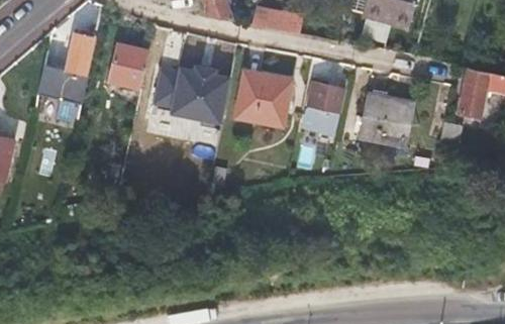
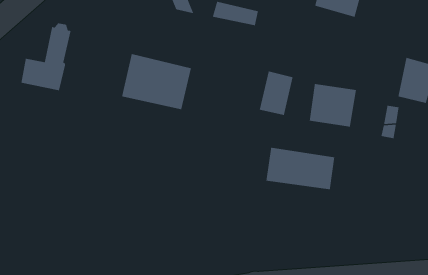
building: [110,42,149,88] -> none
building: [234,68,290,123] -> none
building: none -> [265,147,335,190]

